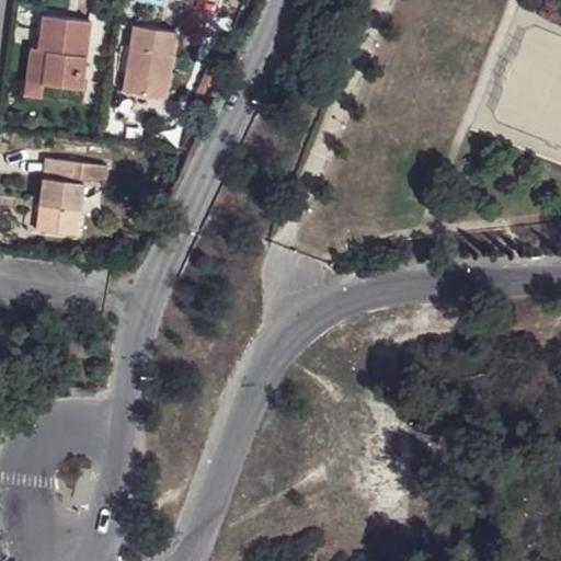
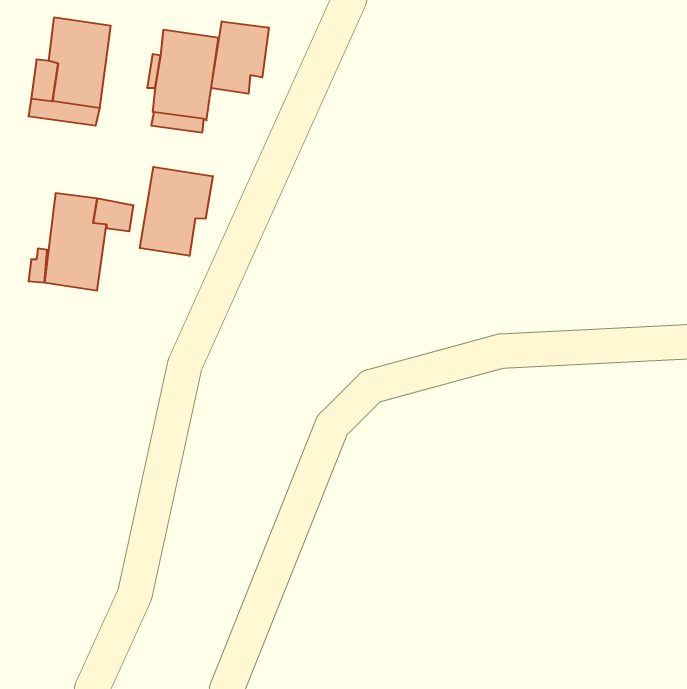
building: none -> [211,21,269,94]
building: none -> [140,167,213,256]

